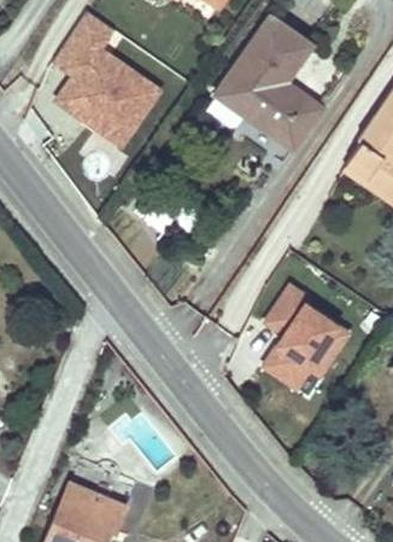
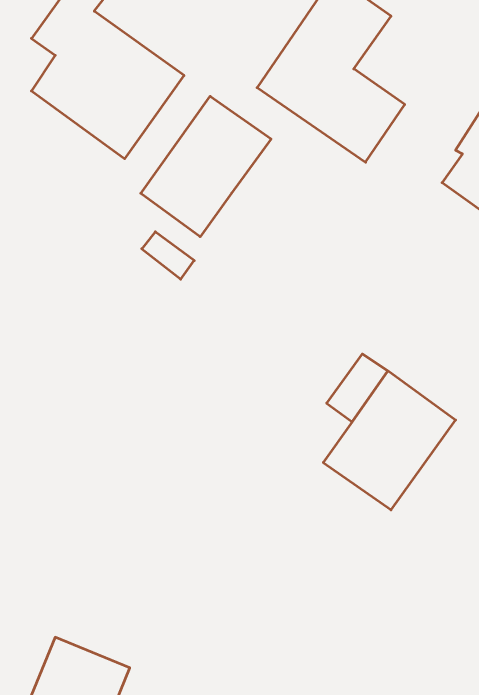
building: none -> [141,96,271,237]

